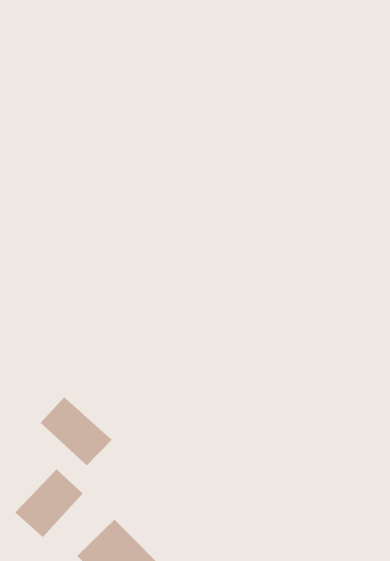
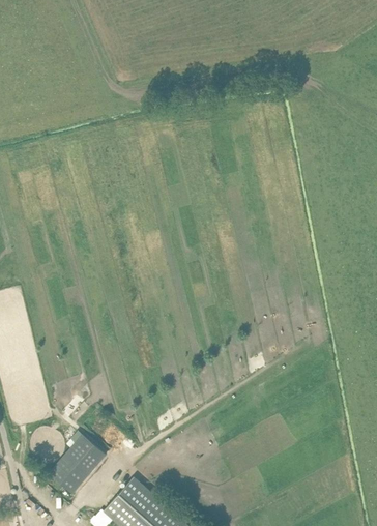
building: [40,397,112,466] -> none

